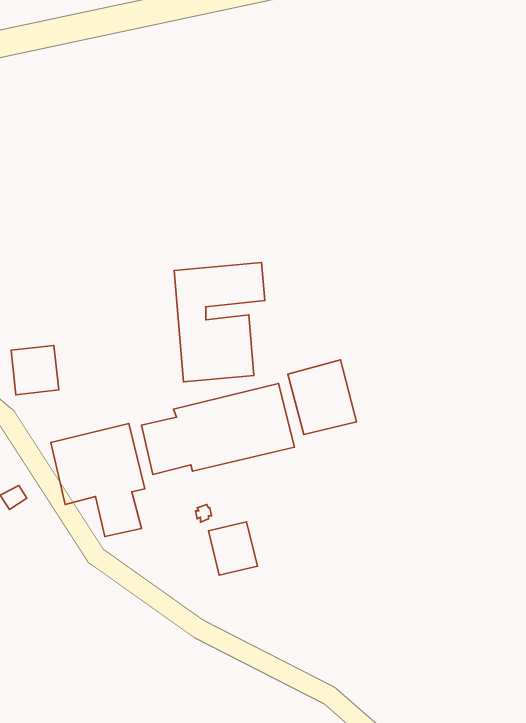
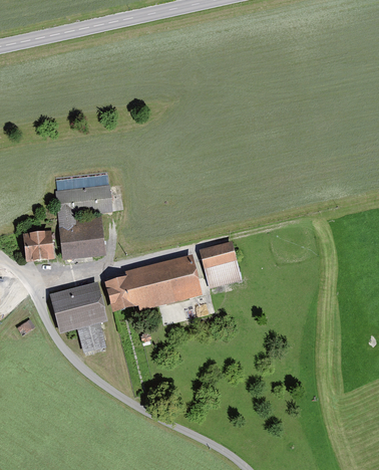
building: [174,262,265,382] -> [55,183,112,258]
building: [208,522,257,575] -> none

